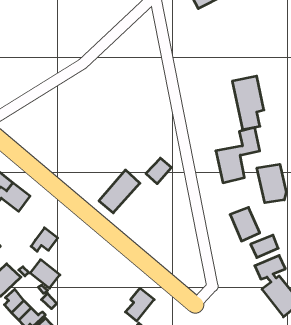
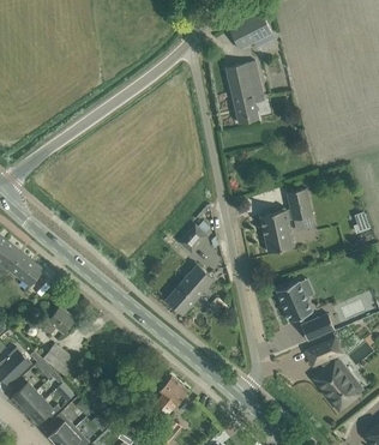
building: [232,76,264,129] -> [227,61,264,124]
building: [257,164,286,203] -> none
building: [99,170,140,213] -> [167,264,215,314]

